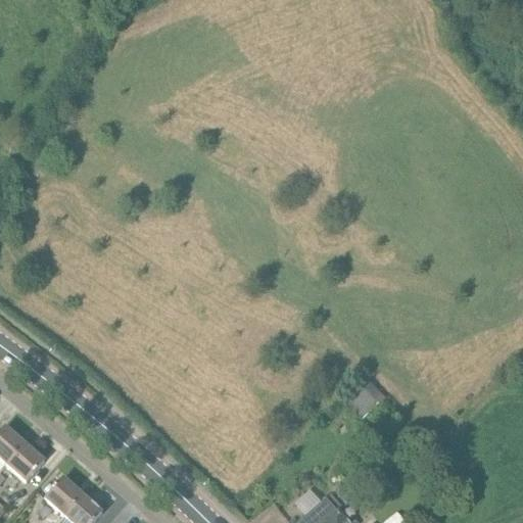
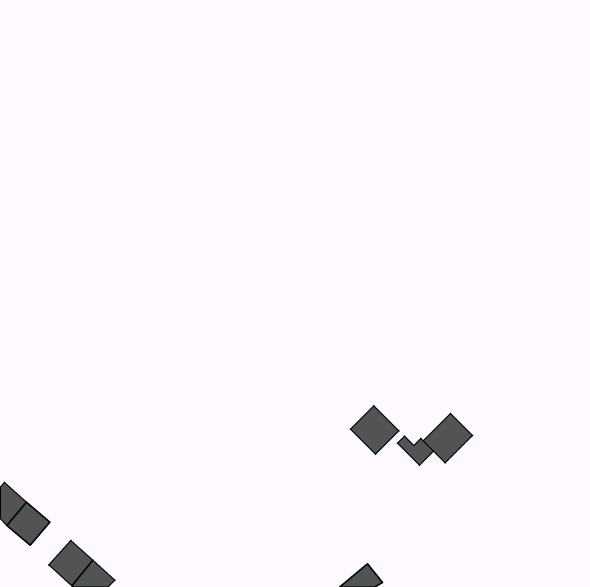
building: none -> [350,406,399,454]
building: none -> [423,413,473,463]

